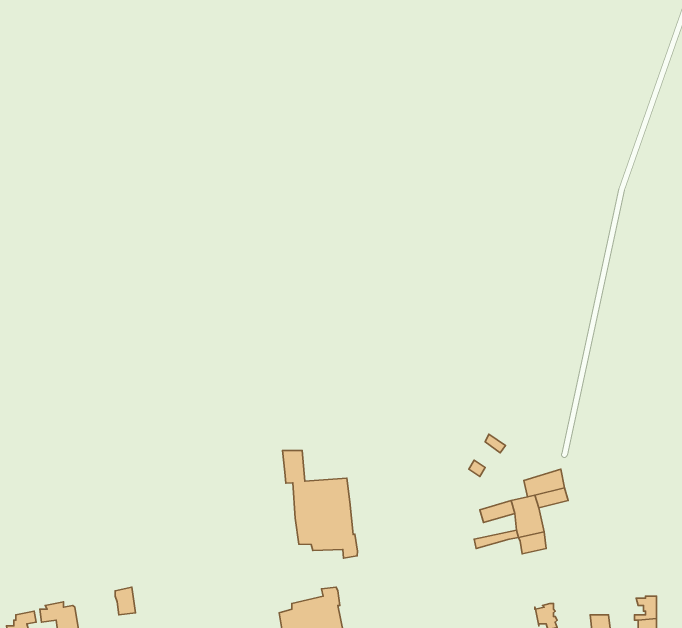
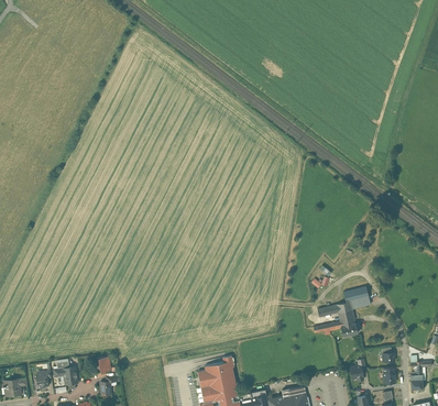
building: [282,450,358,558] -> none

